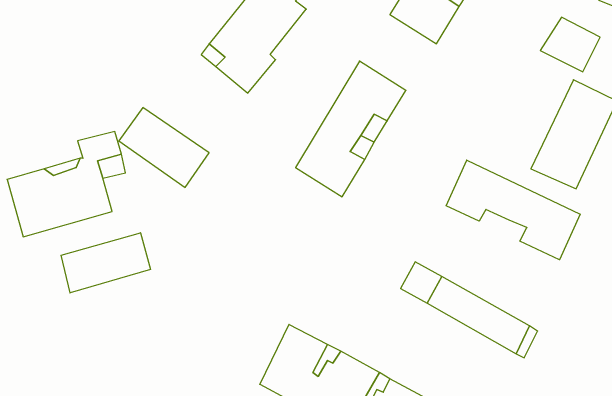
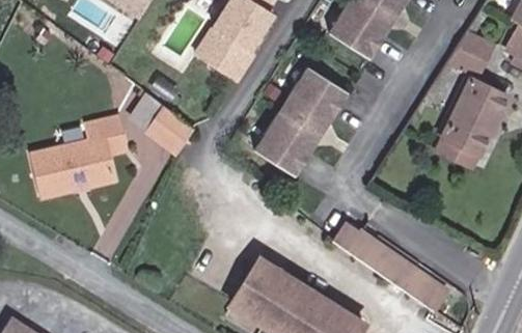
building: [446,160,580,260] -> none
building: [61,233,151,293] -> none

